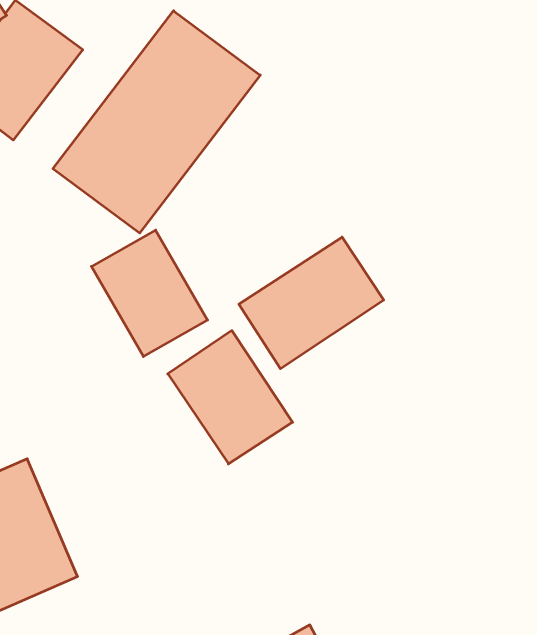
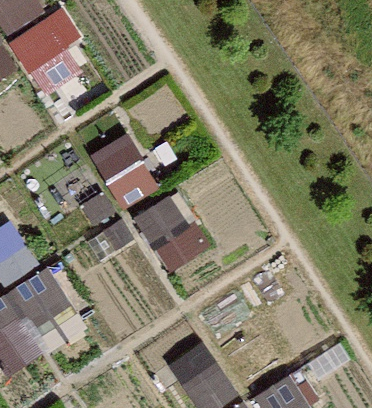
building: [53,11,260,233] -> none
building: [239,237,384,369] -> none

